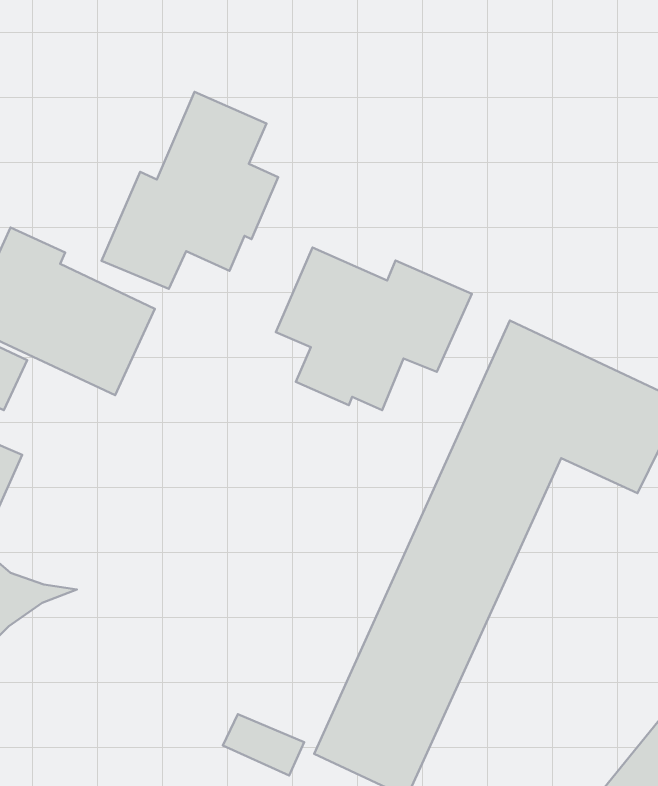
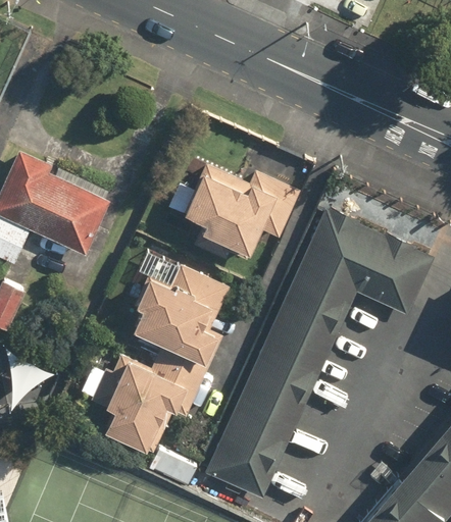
building: [102,92,278,289] -> none
building: none -> [92,266,231,455]

